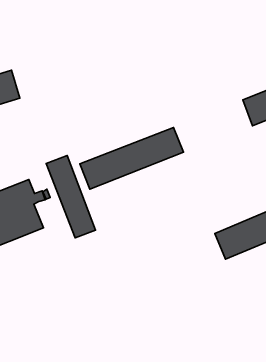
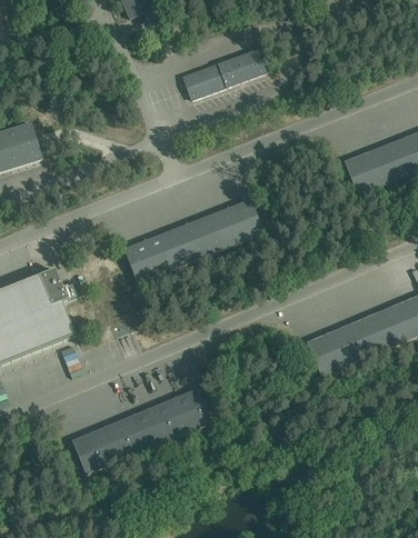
building: none -> [182,48,266,100]
building: [46,155,96,238] -> none
building: none -> [71,387,211,474]

